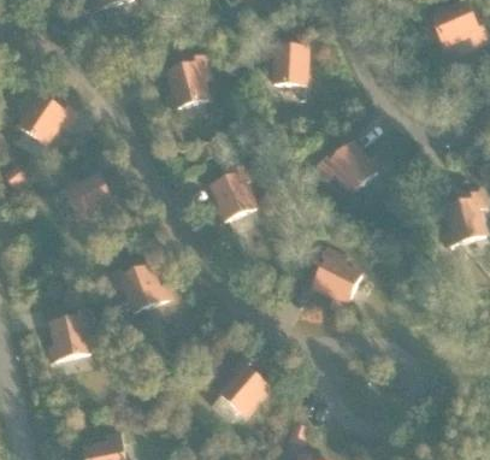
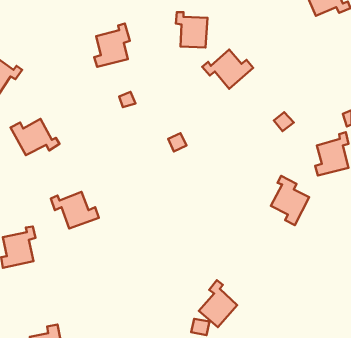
building: [319,142,383,191] -> [202,49,253,89]
building: [213,164,256,223] -> none
building: [314,247,362,308] -> [271,176,309,225]
building: [220,355,268,414] -> [199,280,237,327]

